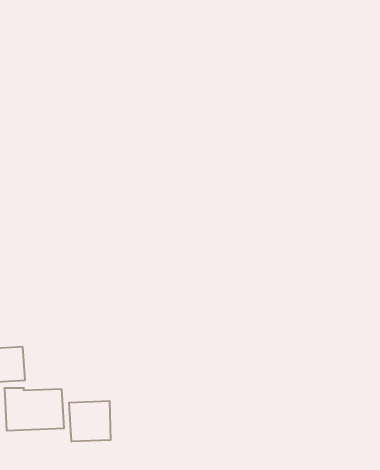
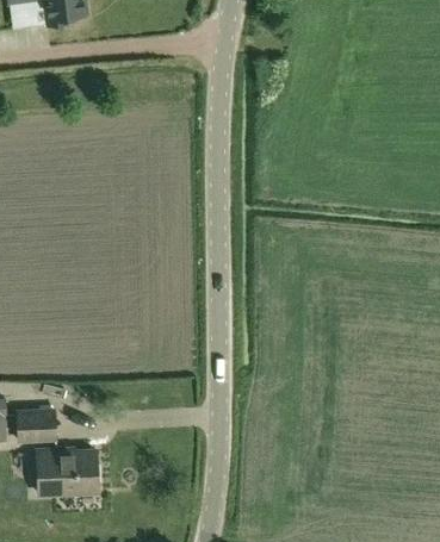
building: [69,401,111,442] -> none

